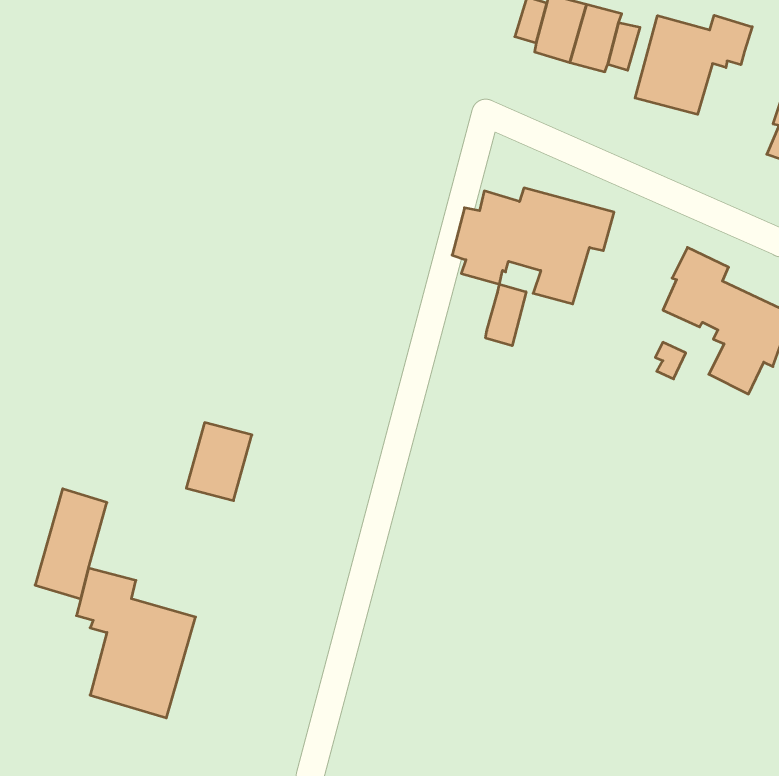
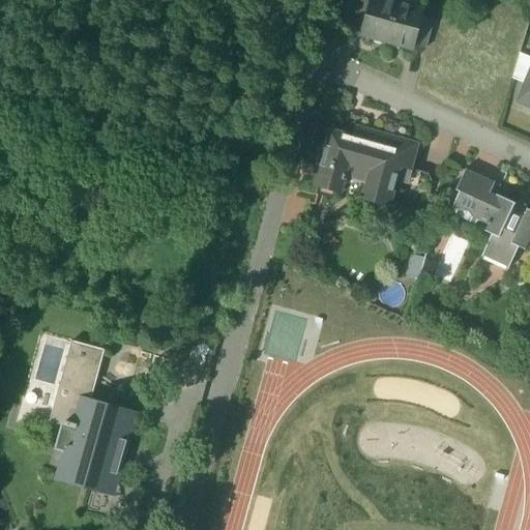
building: [635,15,752,114] -> none
building: [486,284,526,346] -> none
building: [186,423,252,501] -> [61,341,106,393]

